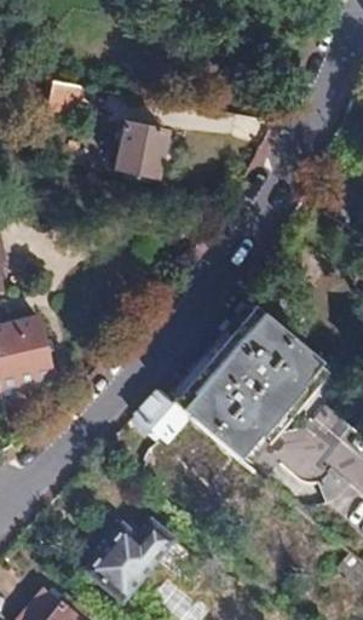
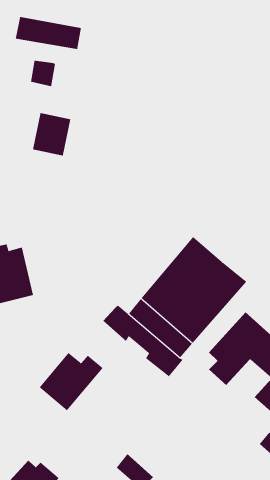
building: none -> [15,16,81,50]
building: [117,121,167,177] -> [32,112,71,156]
building: [87,527,169,602] -> [39,352,104,411]

